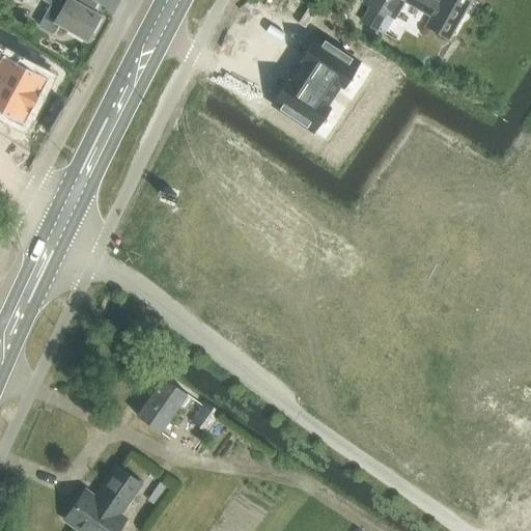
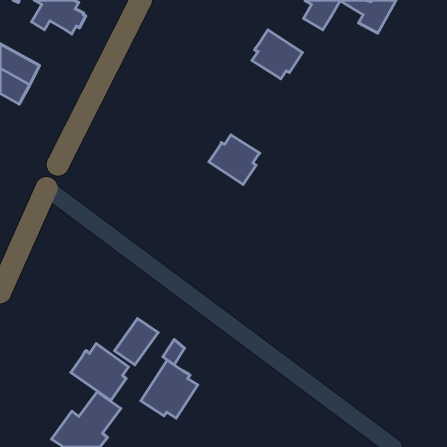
building: [273,72,333,131] -> [209,135,260,185]
building: none -> [71,344,129,400]
building: none -> [141,360,198,418]

